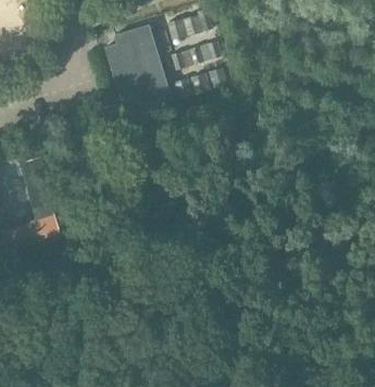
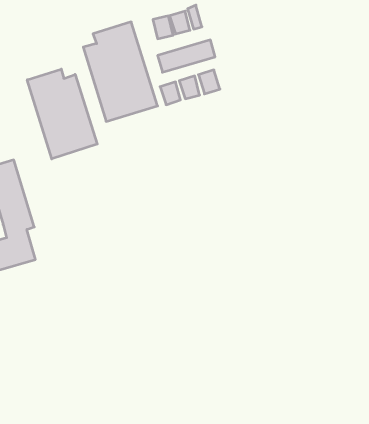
building: none -> [27,69,97,159]

